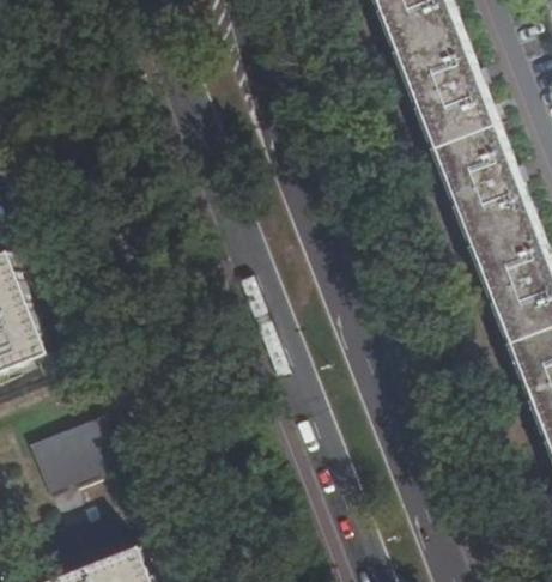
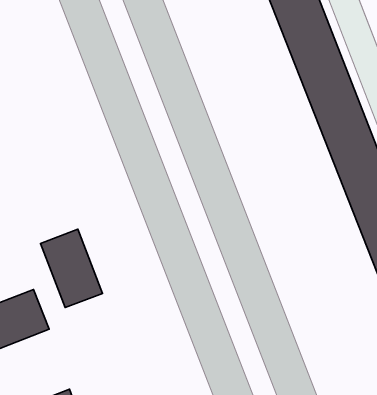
building: none -> [40,229,102,307]

